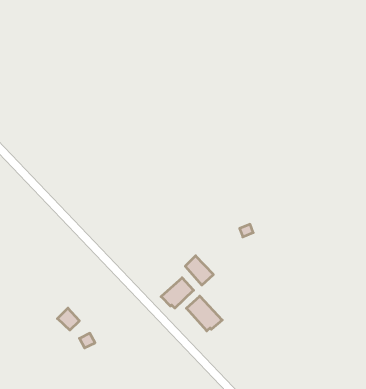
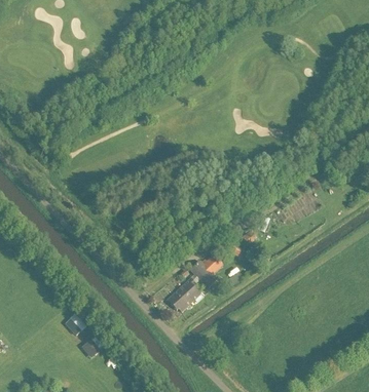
building: [186,296,222,331] -> none

